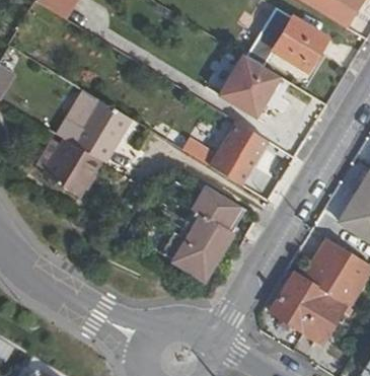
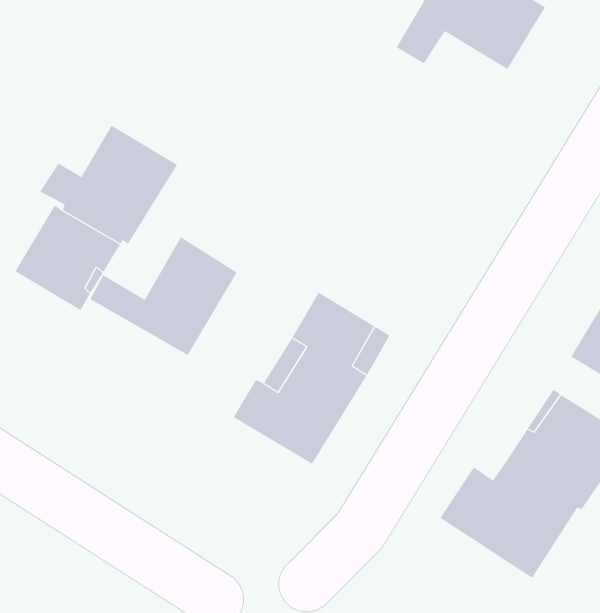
building: [220,55,282,117] -> none
building: [189,123,268,186] -> [90,236,238,356]

